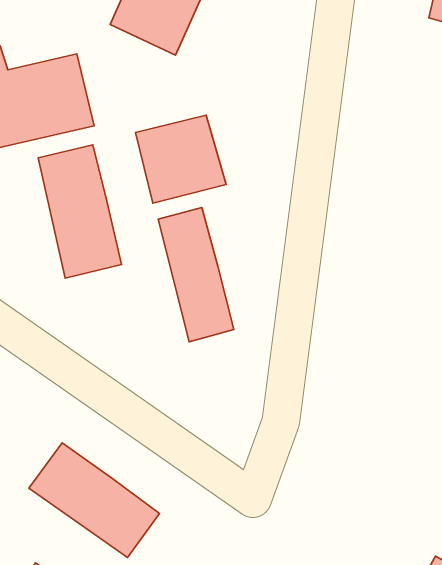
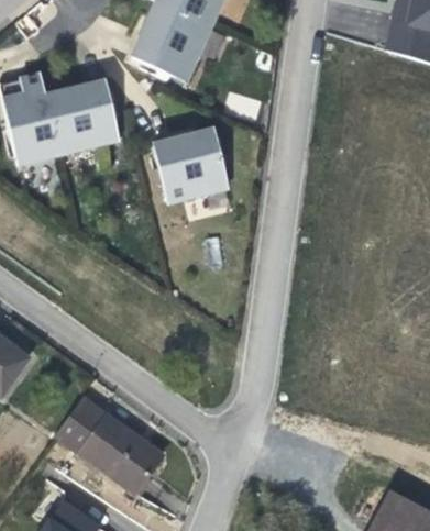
building: [38,145,121,278] -> none
building: [158,207,234,342] -> none

